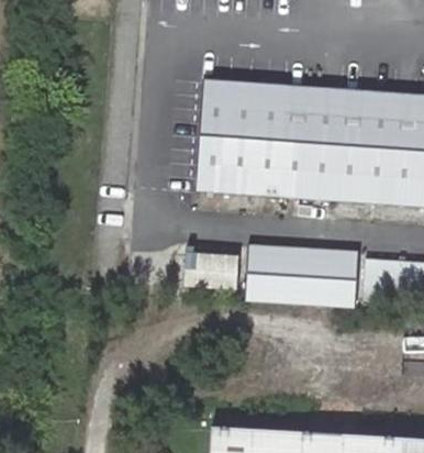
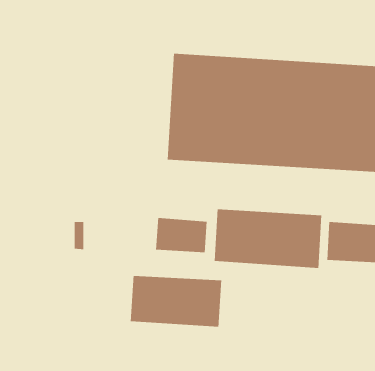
building: none -> [130,275,222,328]

